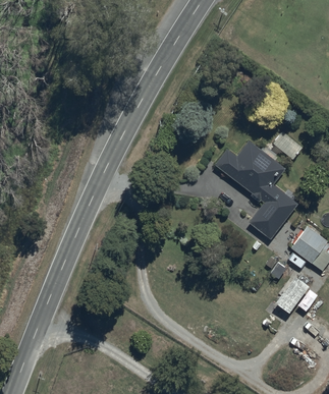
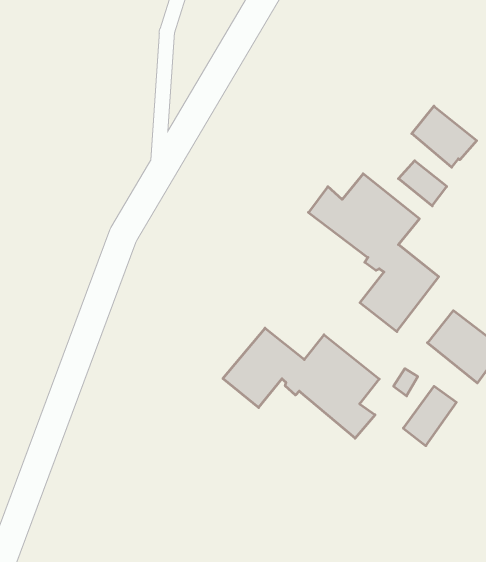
building: none -> [412,106,477,167]
building: none -> [223,328,379,438]

